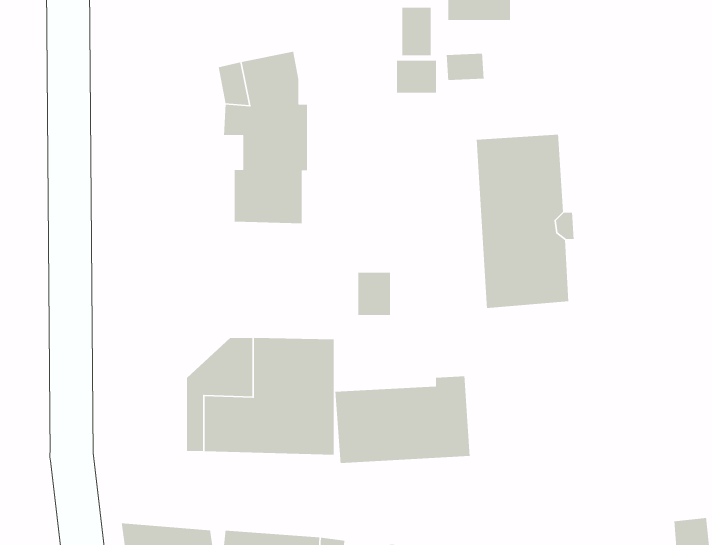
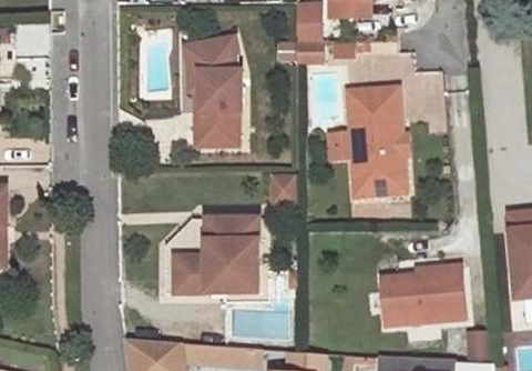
building: [334,375,470,464] -> [380,270,466,325]

